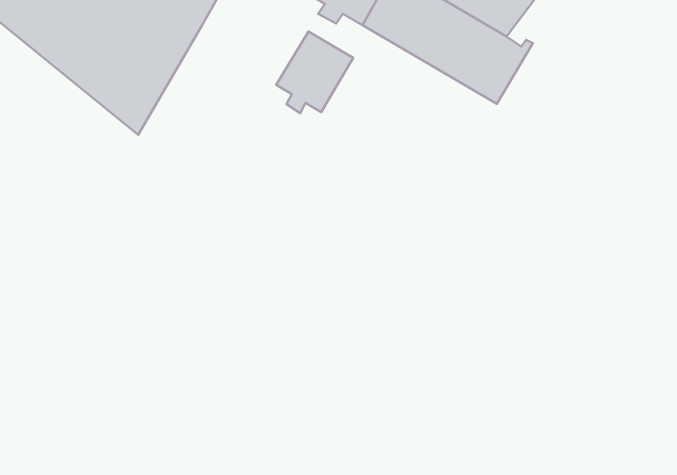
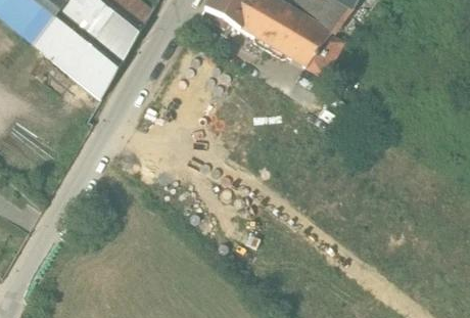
building: [276,32,353,113] -> none

